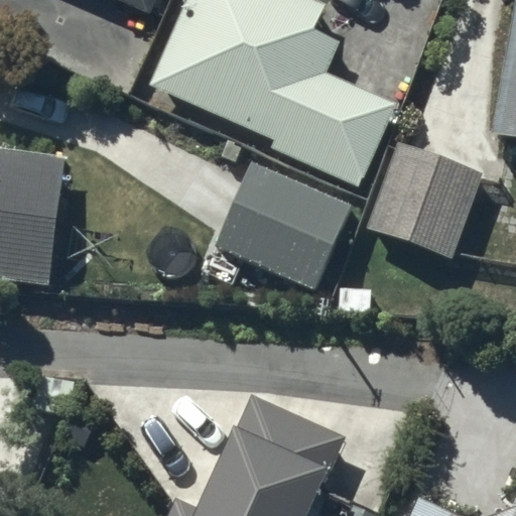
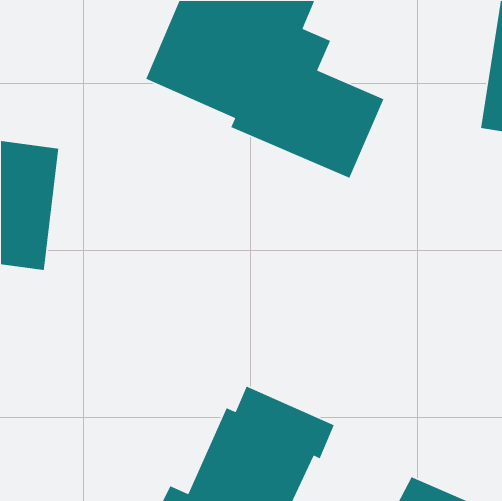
building: [366,142,484,258] -> none
building: [217,161,351,287] -> none

